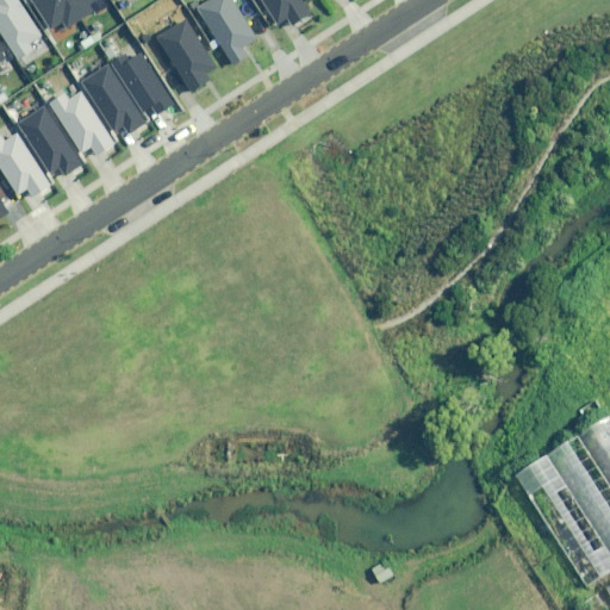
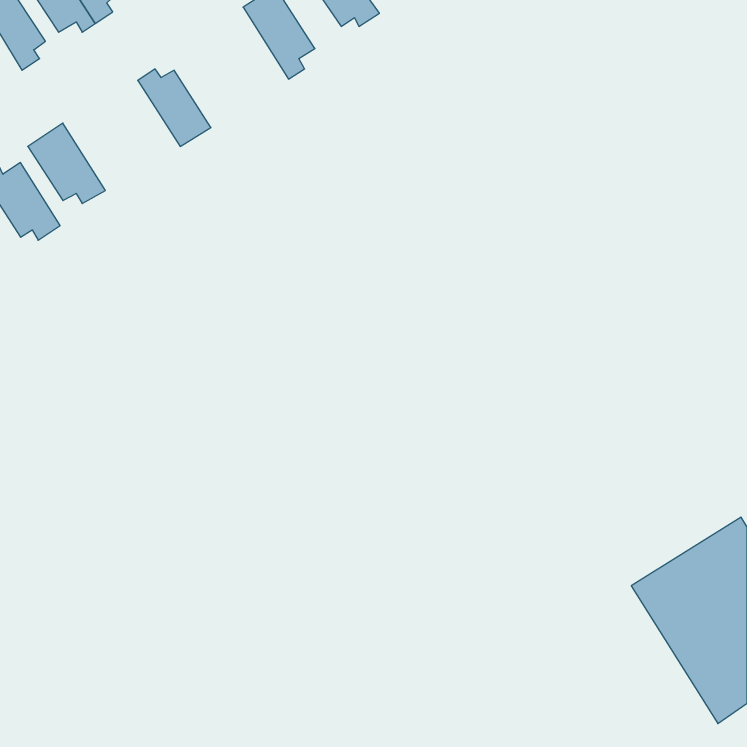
building: [157,18,218,94] -> none
building: [83,66,147,131] -> none
building: [51,92,111,155] -> none

